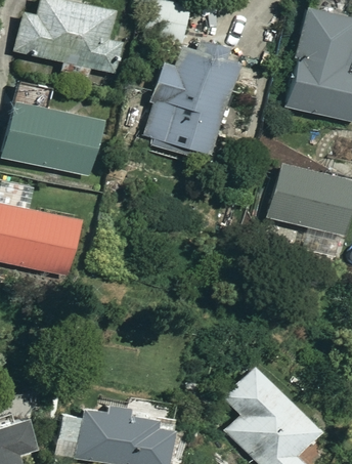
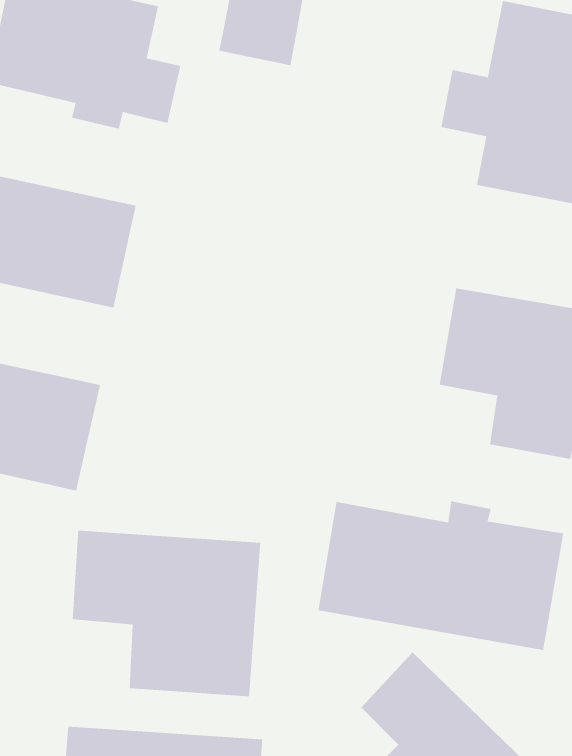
building: [144,45,239,160] -> none
building: none -> [318,501,564,651]
building: none -> [72,530,261,697]

